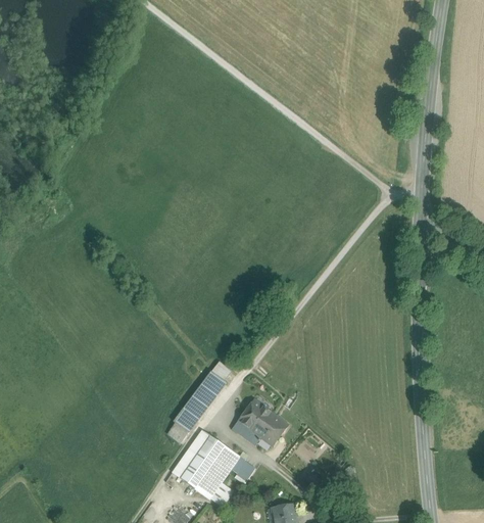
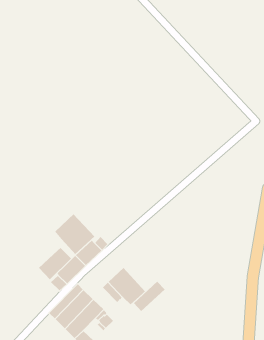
building: none -> [54,213,95,255]
building: none -> [38,247,72,280]
building: none -> [133,281,165,312]

